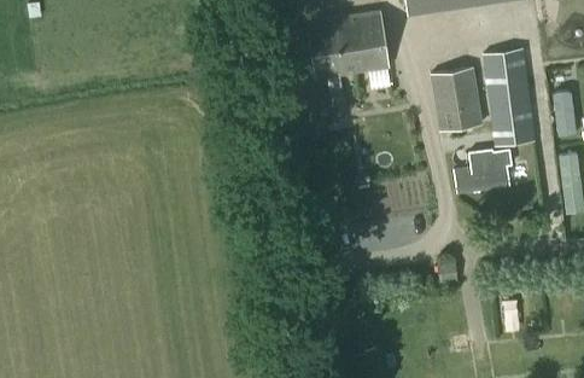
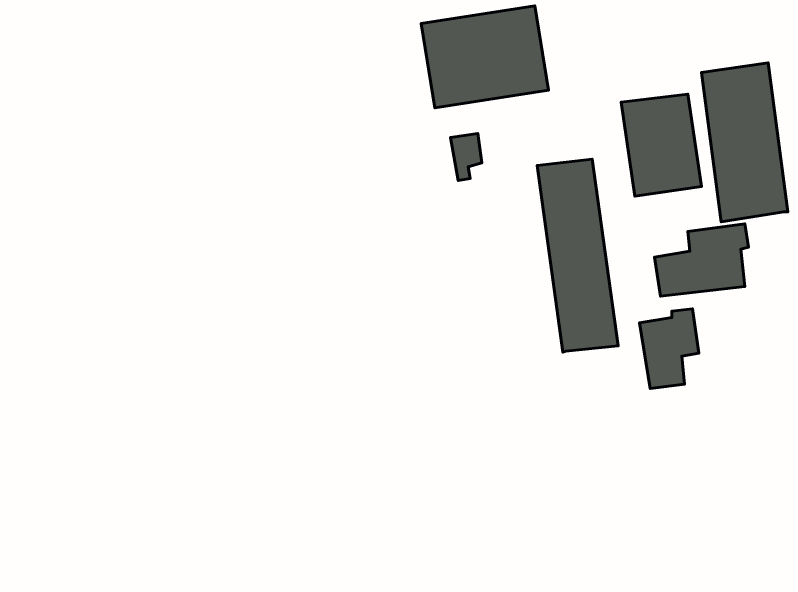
building: none -> [537,159,618,352]
building: none -> [640,309,699,388]

